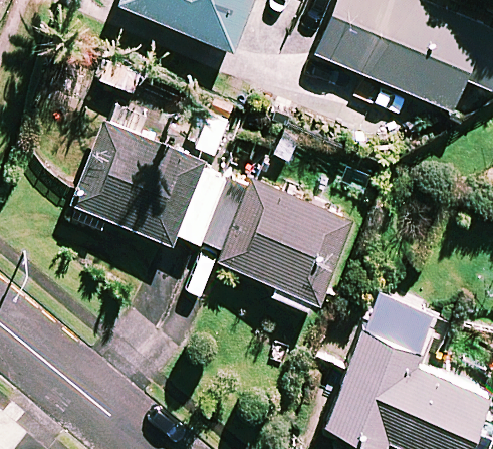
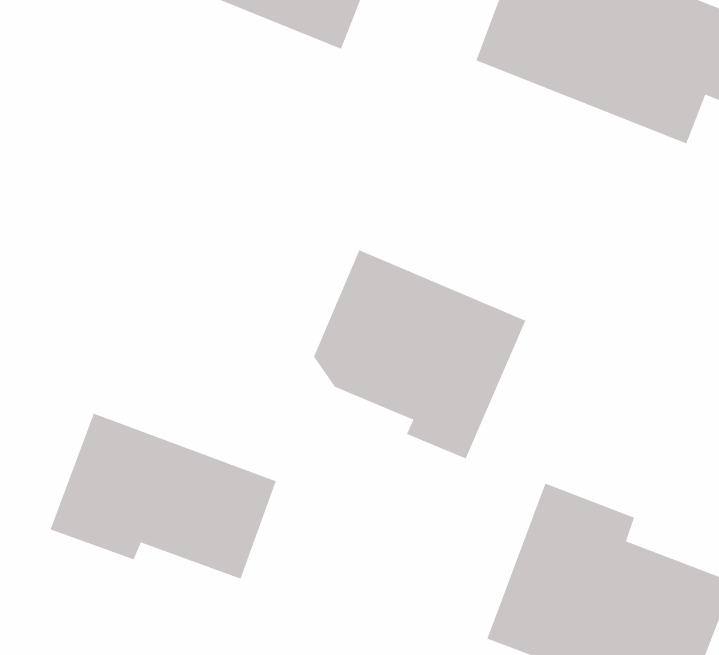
building: [76,123,229,251] -> none
building: none -> [50,413,277,580]

